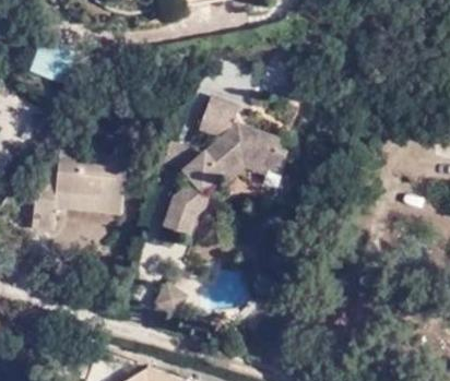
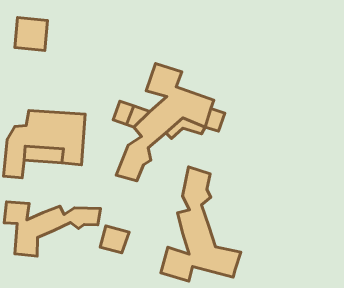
building: none -> [161,167,241,281]
building: none -> [4,202,100,256]

